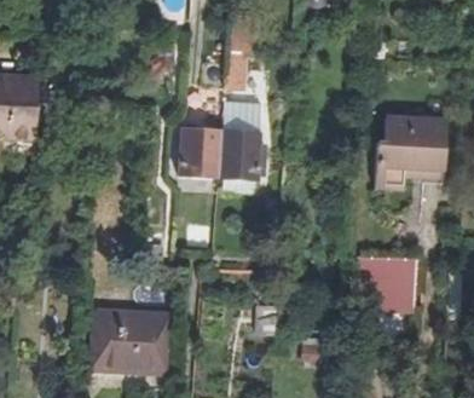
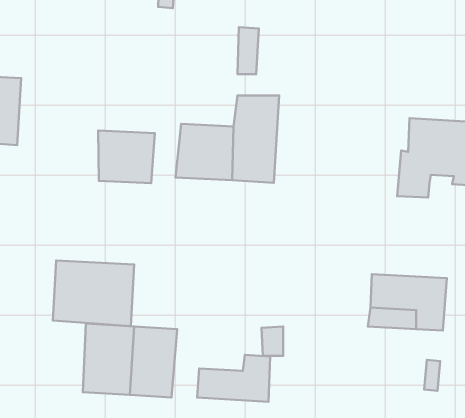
building: none -> [98,130,155,183]
building: none -> [53,261,134,326]
building: none -> [197,355,270,402]

